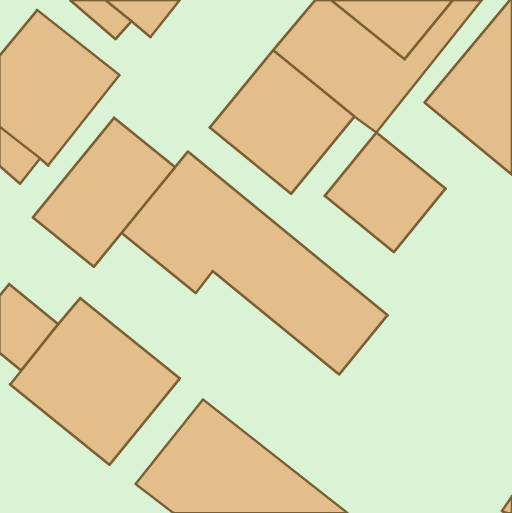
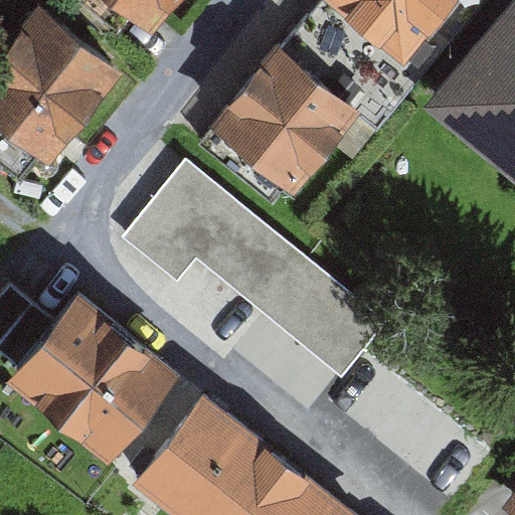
building: [33,118,175,267] -> none
building: [325,133,446,252] -> none

